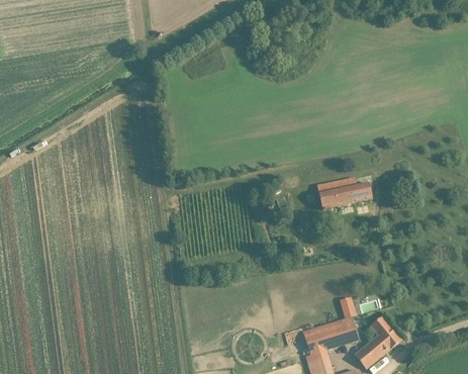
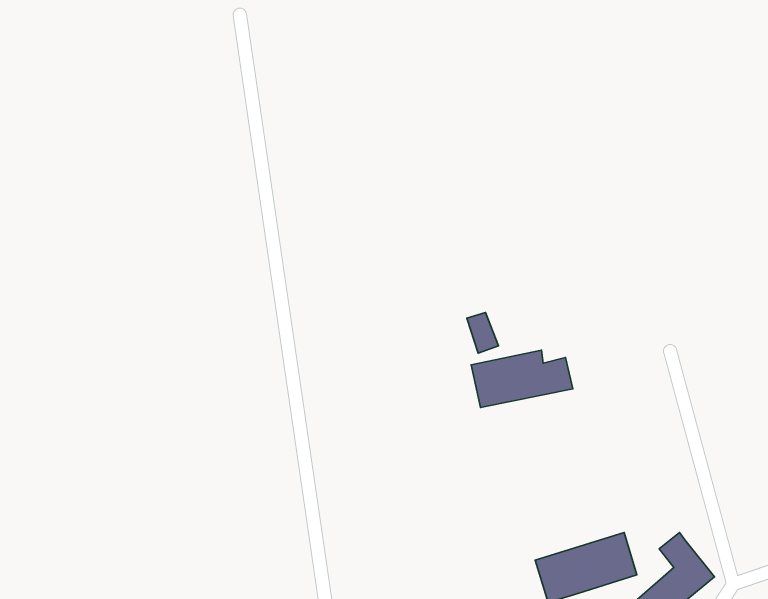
building: [316,177,372,208] -> [471,350,573,407]

